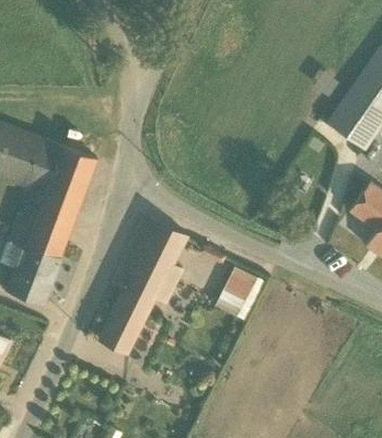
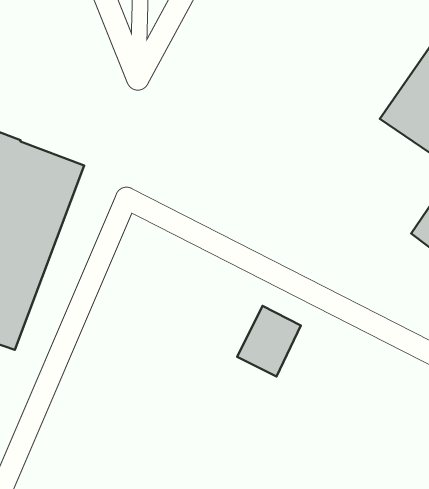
building: [99,216,188,356] -> none

